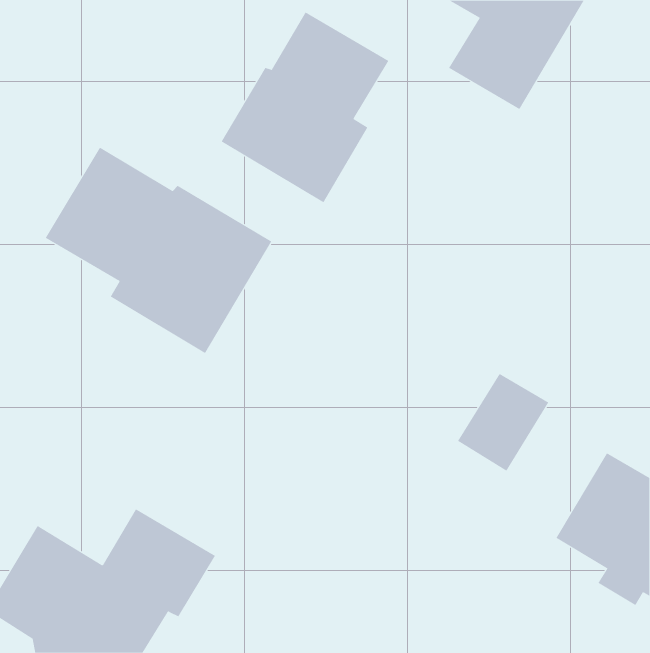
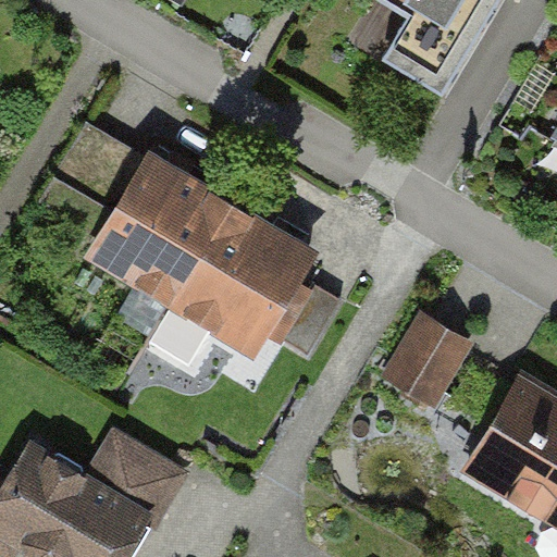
building: [221,12,389,203] -> none
building: none -> [149,206,342,366]

